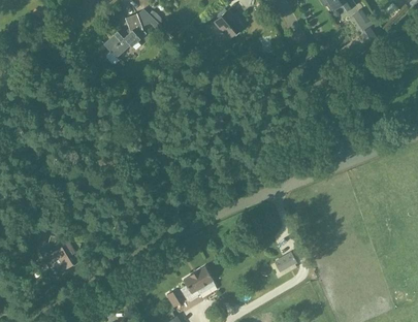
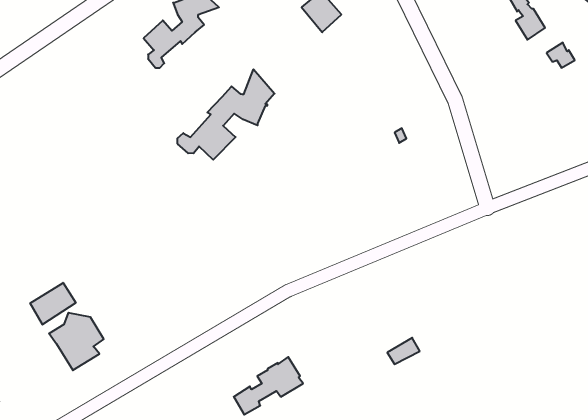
building: none -> [178,69,275,160]
building: none -> [30,283,76,325]

